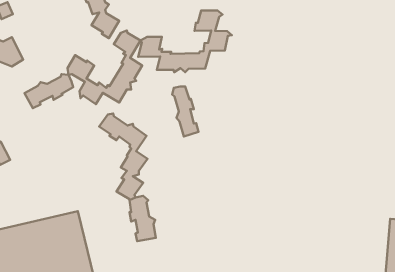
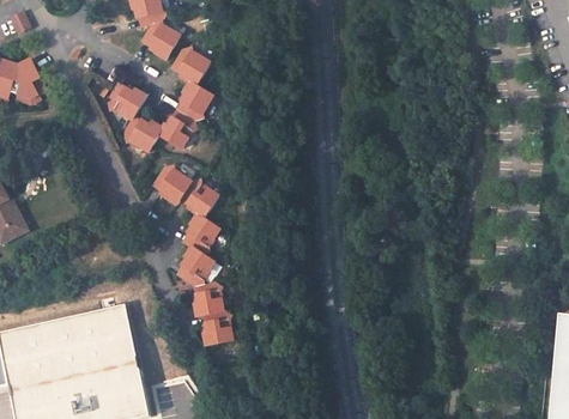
building: [138,10,232,72] -> none
building: [24,74,73,108] -> none
building: [172,86,198,137] -> none

